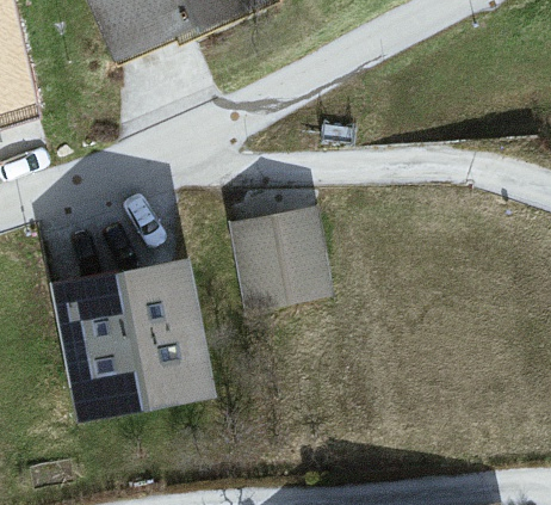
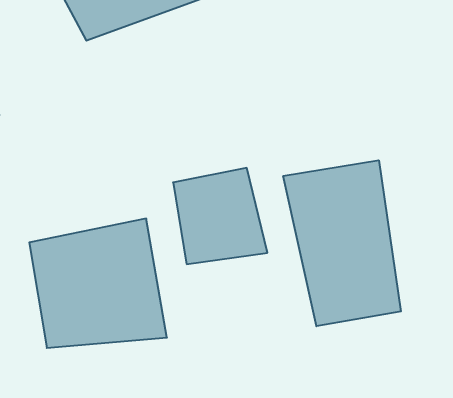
building: none -> [283,160,401,326]

